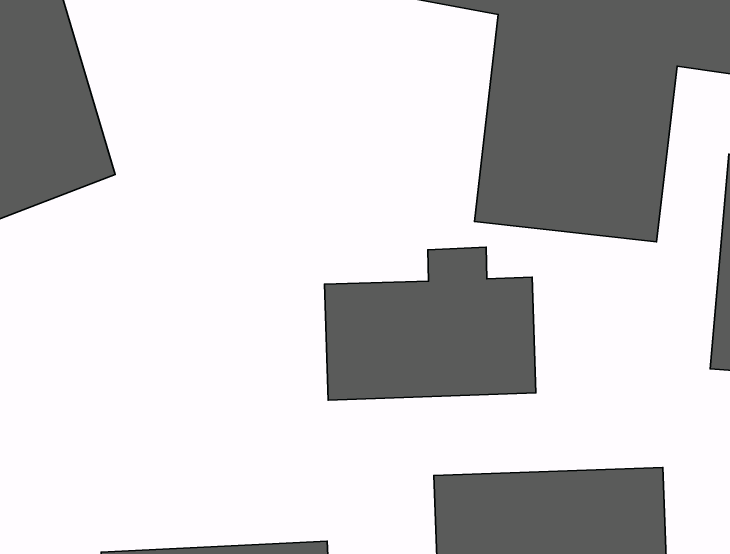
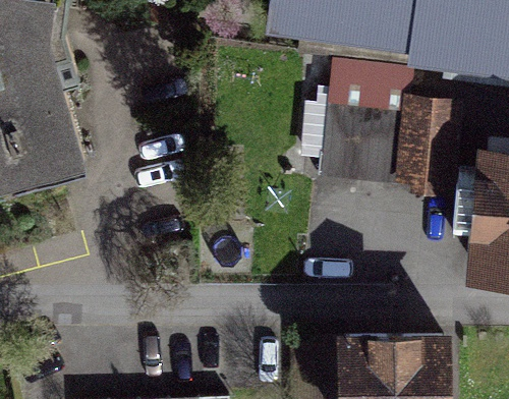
building: [325,247,536,400] -> none

